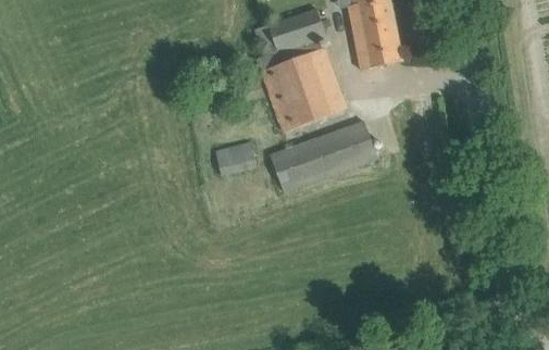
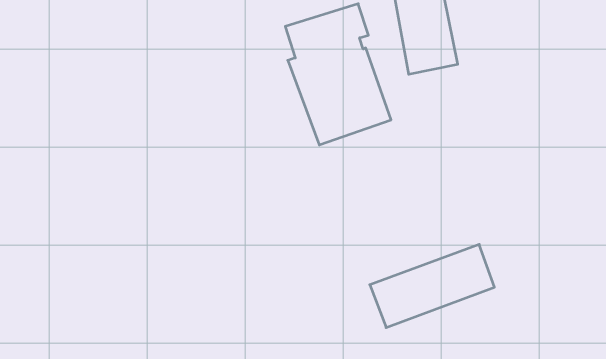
building: [270,121,377,192] -> [370,244,494,328]
building: [215,140,255,175] -> none

